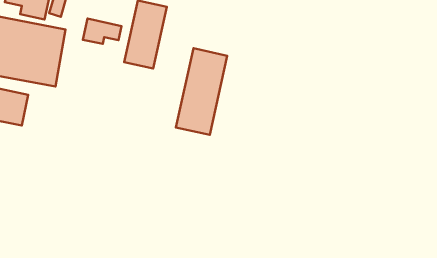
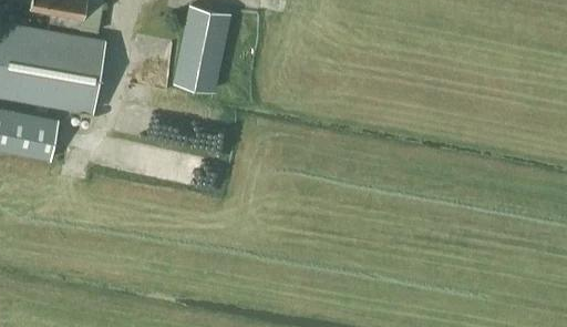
building: [83,18,121,44] -> none
building: [176,48,227,135] -> none

